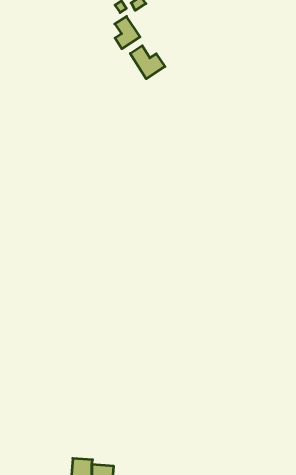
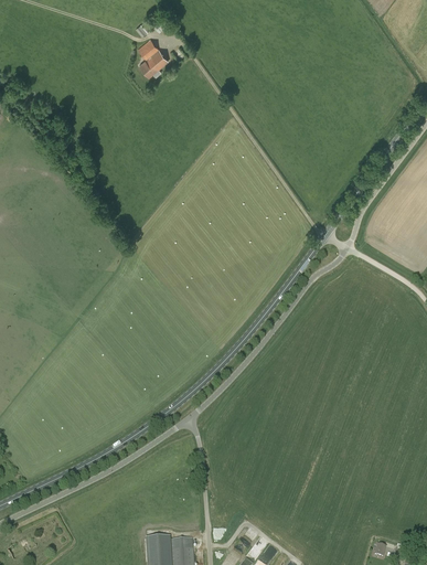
building: [130,46,165,79] -> none

